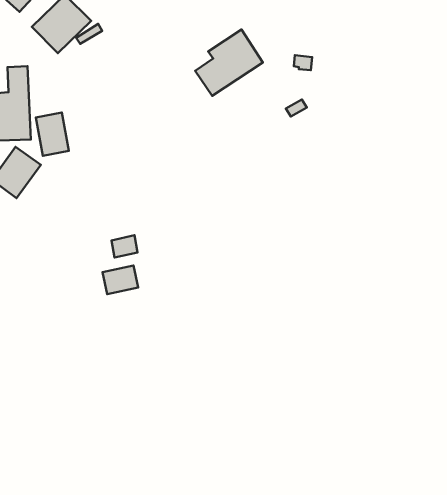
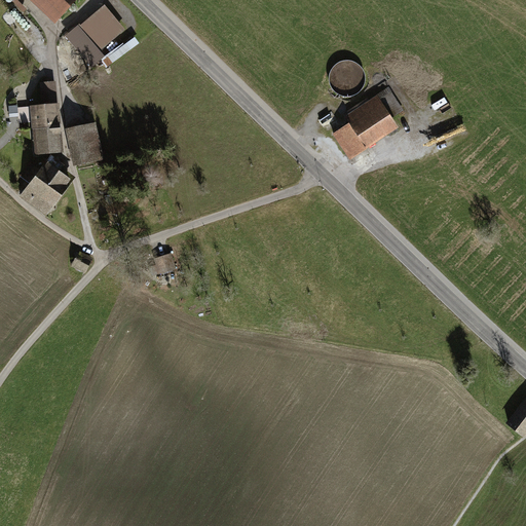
building: [195,29,263,96] -> [332,92,401,160]
building: [103,266,138,294] -> none

